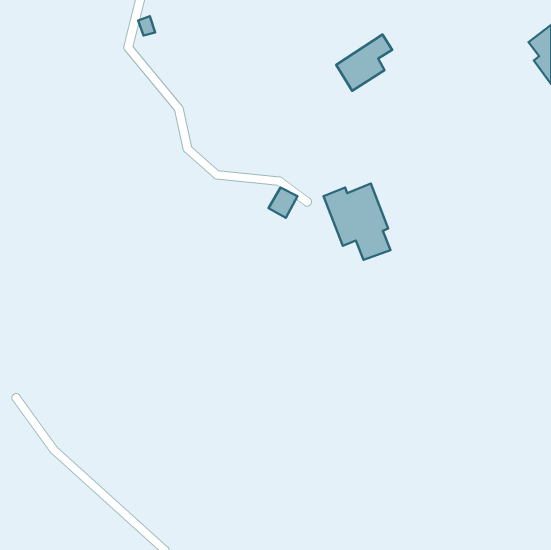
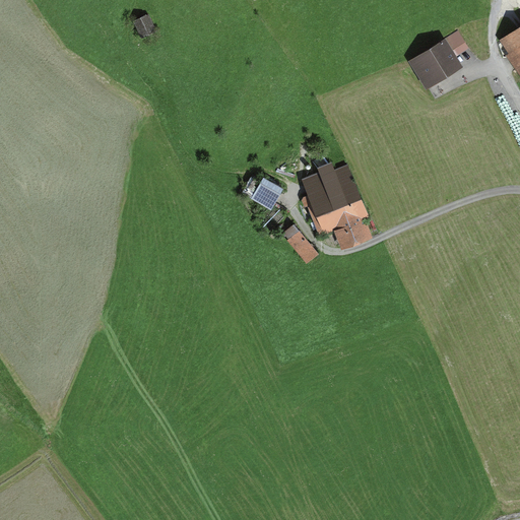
building: [336,35,392,91] -> [413,32,466,85]
building: none -> [288,229,317,259]

